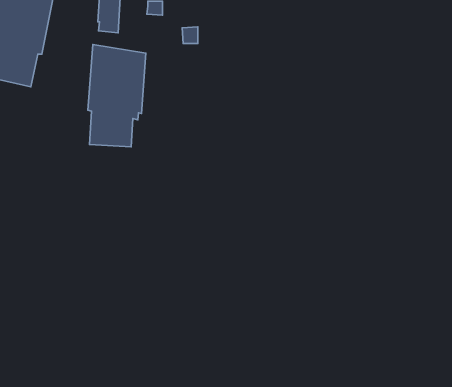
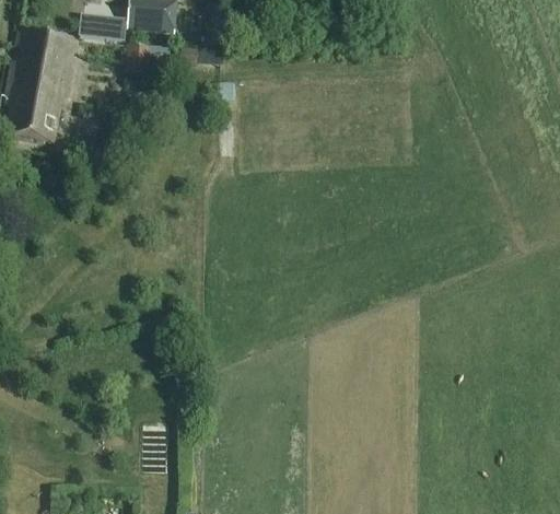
building: [88,45,146,147] -> none

